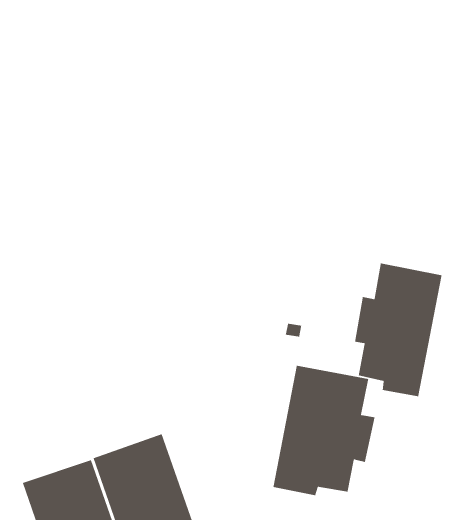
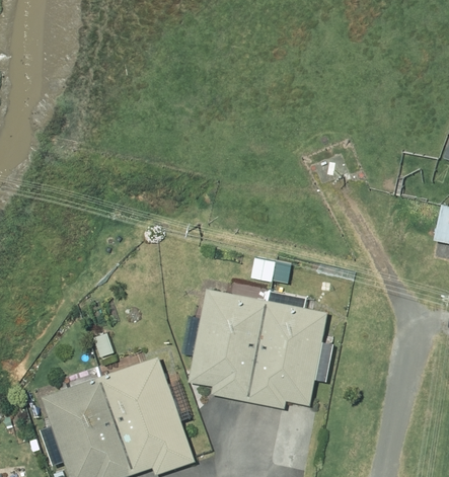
building: [354,263,442,397] -> none
building: none -> [183,290,267,402]

